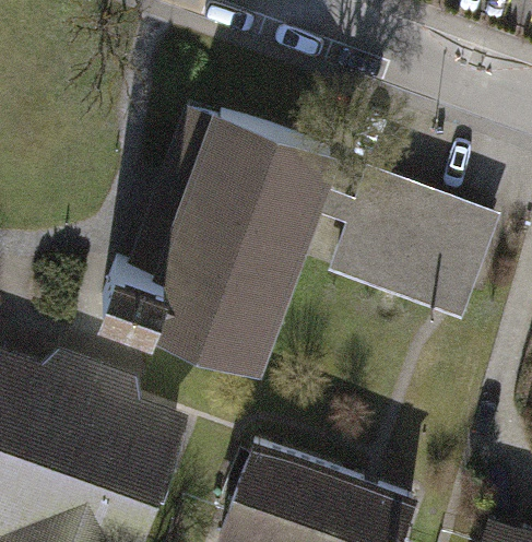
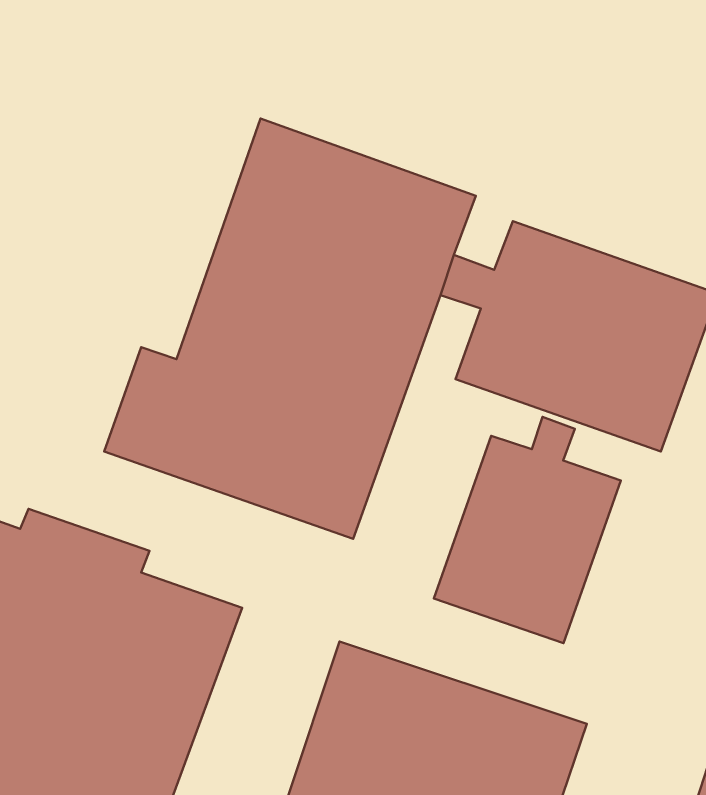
building: none -> [434,417,621,643]

